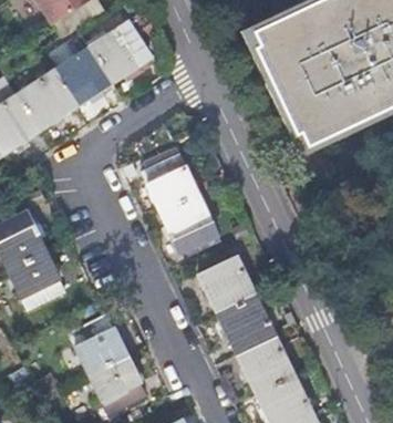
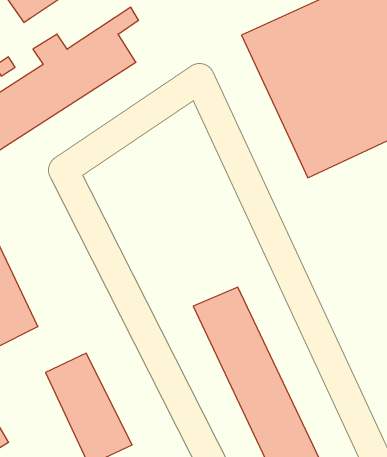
building: [142,151,219,249] -> none

